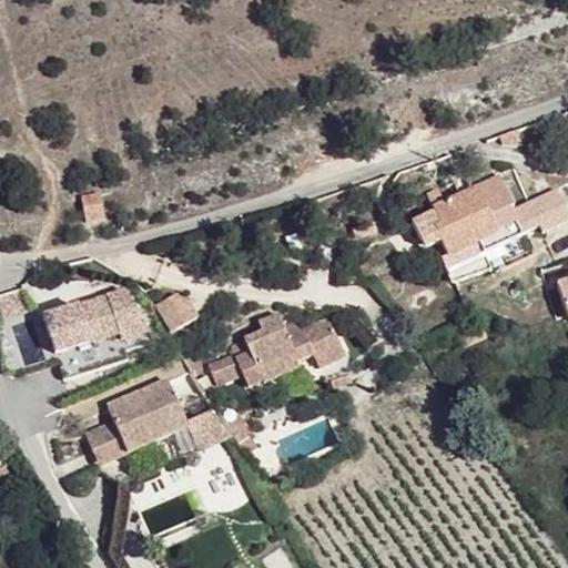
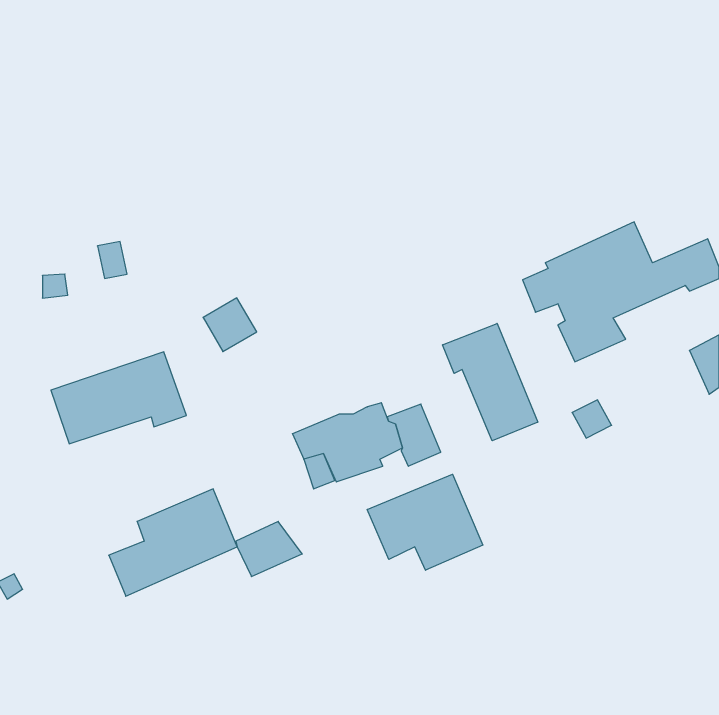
building: none -> [443,323,538,441]
building: [153,287,195,329] -> [203,298,257,352]
building: none -> [367,474,483,570]

